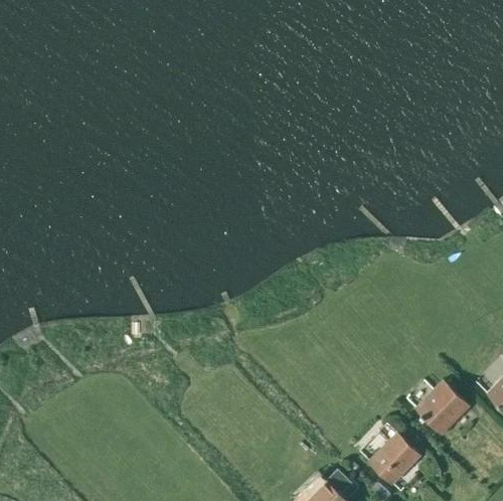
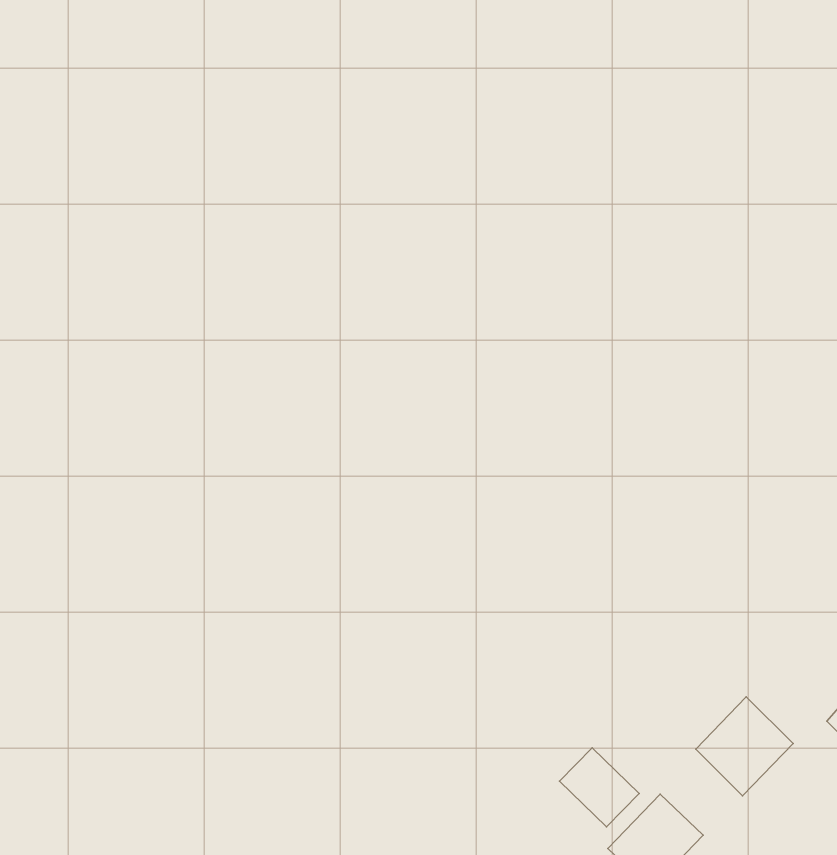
building: none -> [560,748,639,827]

